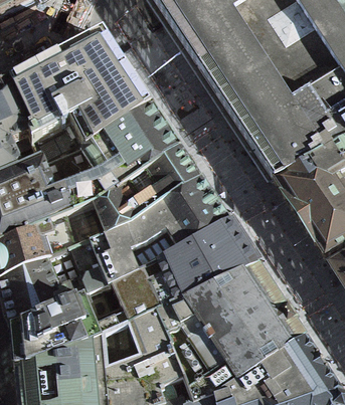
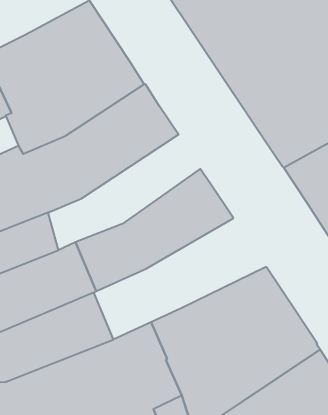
building: [68,145,202,246] -> none
building: [109,218,260,325] -> none

